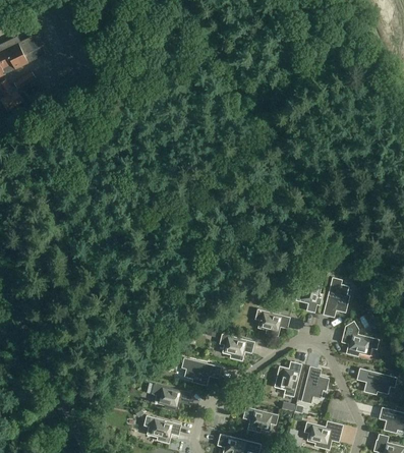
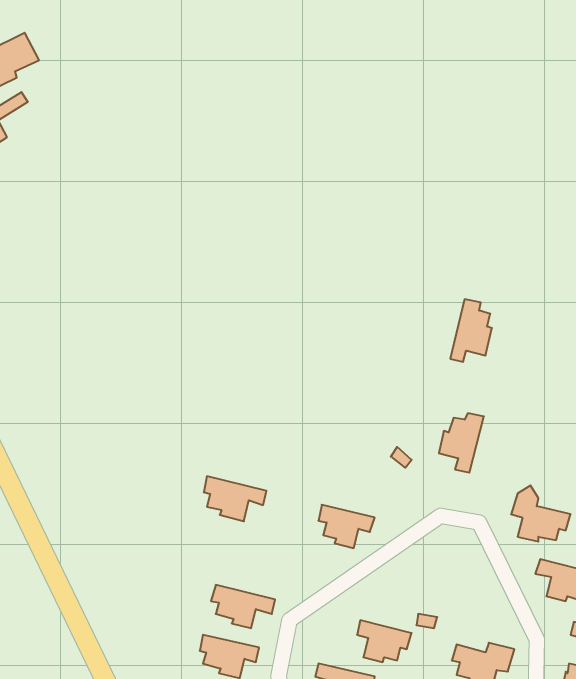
building: [324,277,350,317] -> [450,299,492,362]
building: [255,308,291,336] -> none
building: [182,357,222,386] -> [204,476,266,521]
building: [277,361,302,397] -> none
building: [301,365,330,403] -> none

